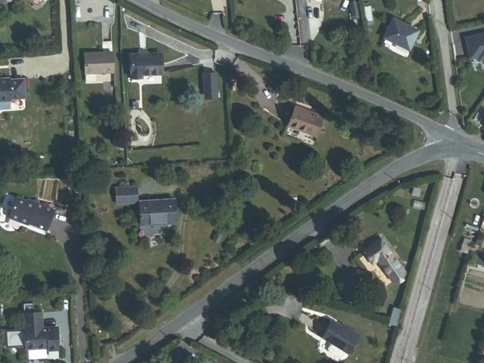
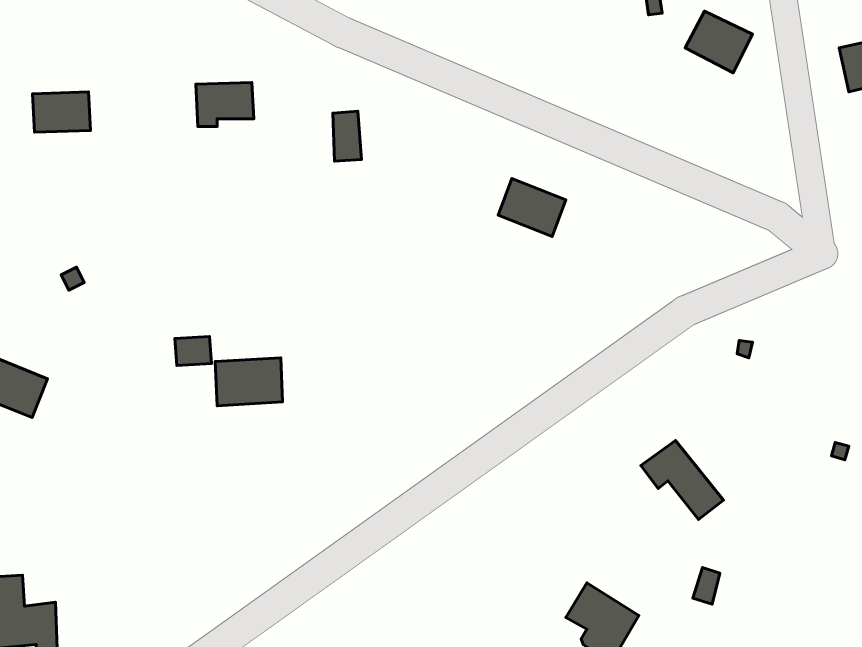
building: [84,52,114,73] -> [33,92,90,132]

